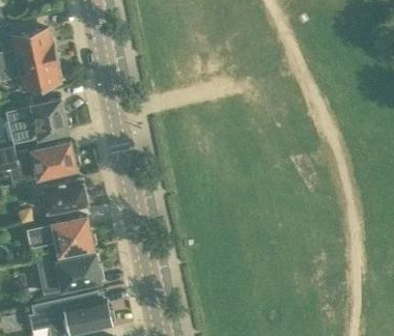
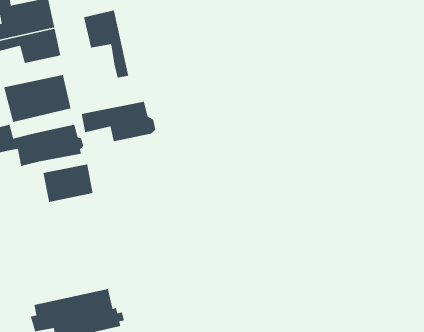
building: none -> [83,10,129,79]
building: [28,218,95,255] -> [81,101,156,142]
building: [35,254,97,296] -> none

